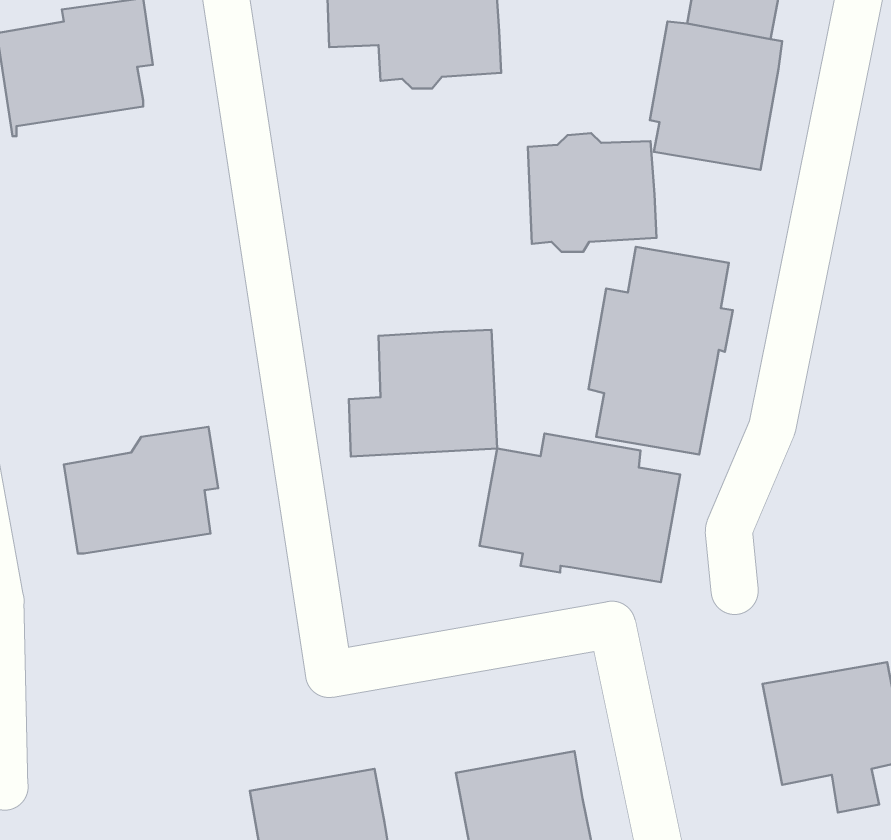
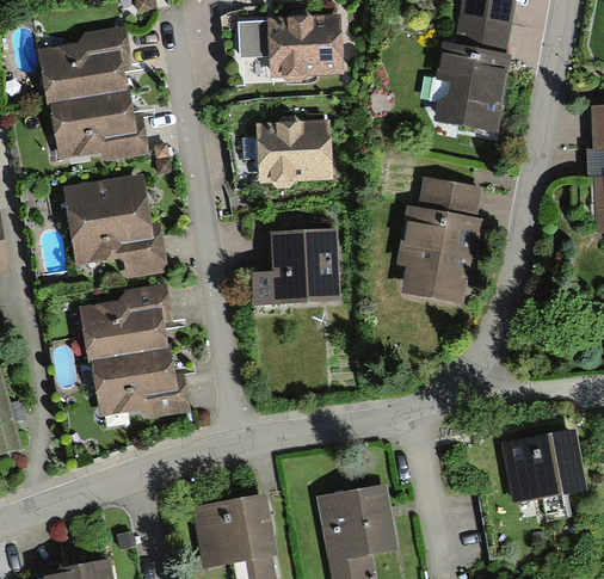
building: none -> [50,90,148,160]
building: [528,133,657,252] -> [257,115,334,186]
building: none -> [61,174,167,279]
building: [480,433,680,582] -> none
building: none -> [91,351,189,418]

